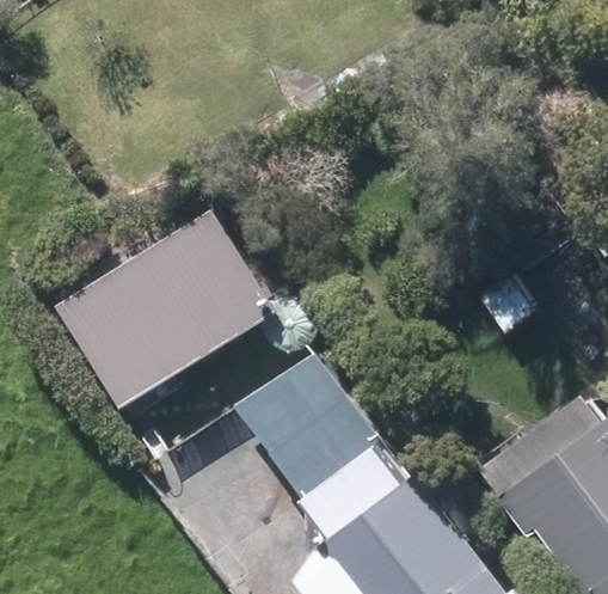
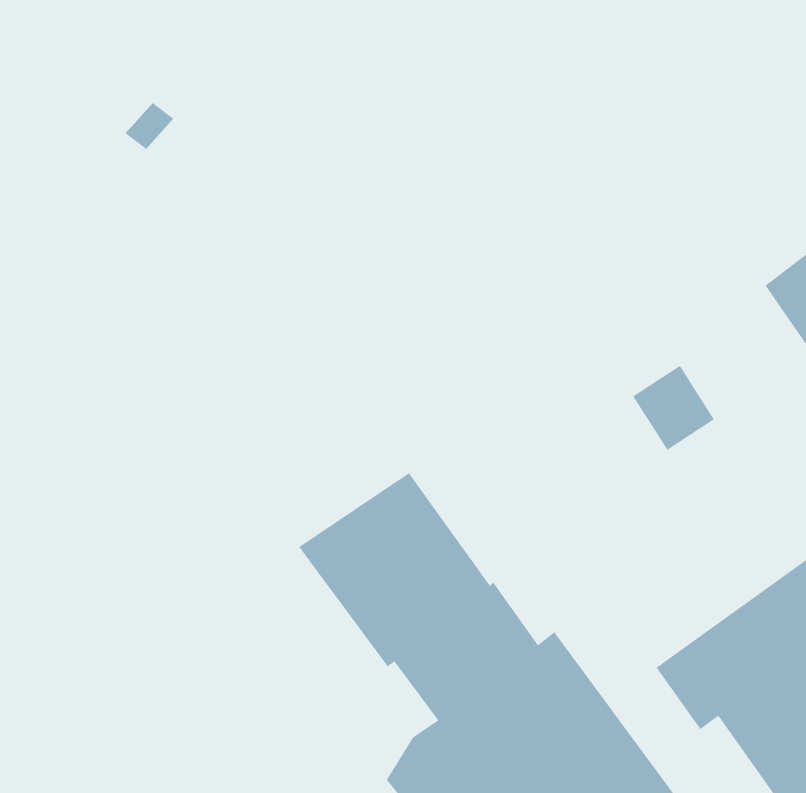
building: [54,207,278,410] -> none

